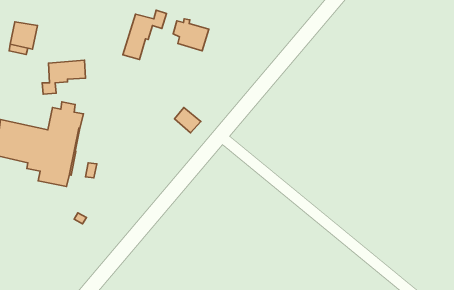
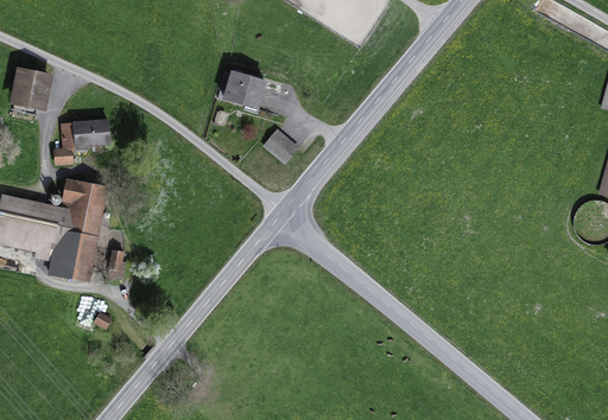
building: [123,10,166,59] -> none
building: [174,107,201,133] -> [265,129,298,161]

